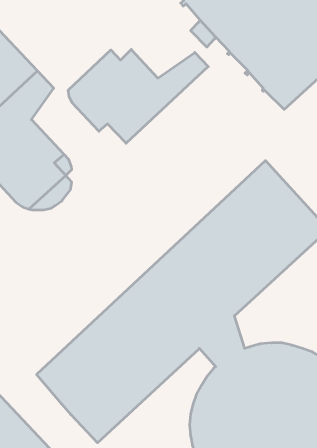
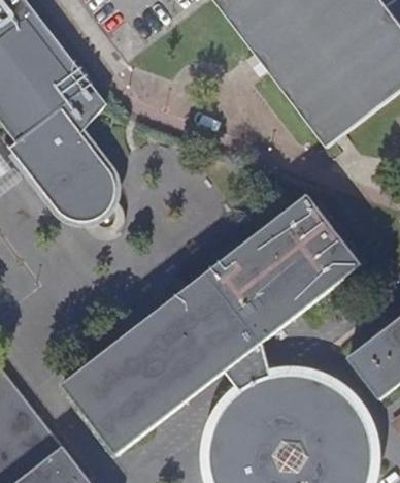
building: [68,49,208,143] -> none

